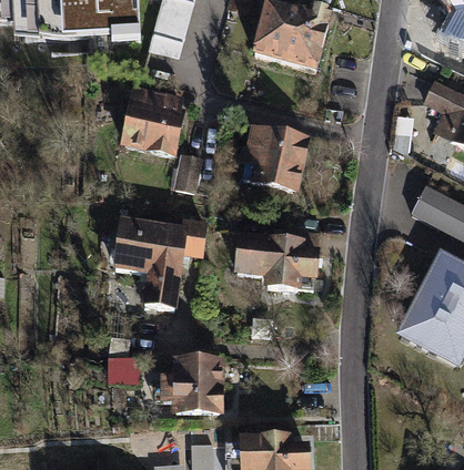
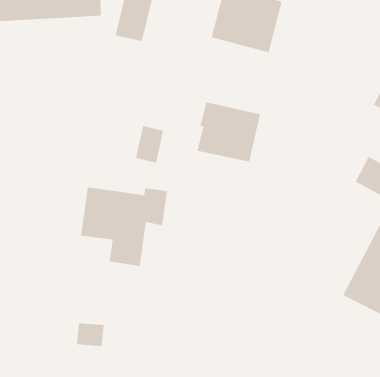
building: [121,86,188,156] -> none
building: [236,235,321,285] -> none
building: [162,351,226,410] -> none

